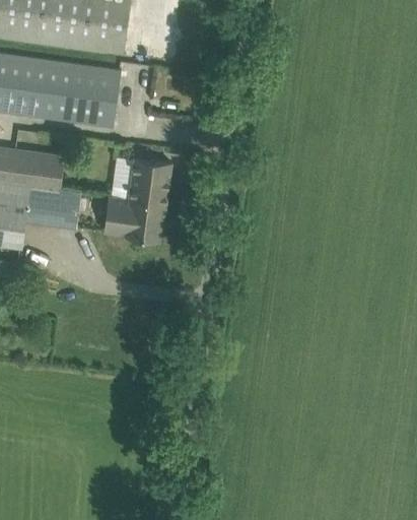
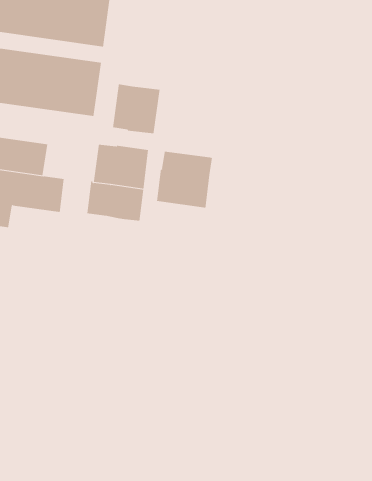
building: none -> [113,84,160,134]
building: none -> [157,151,213,208]

